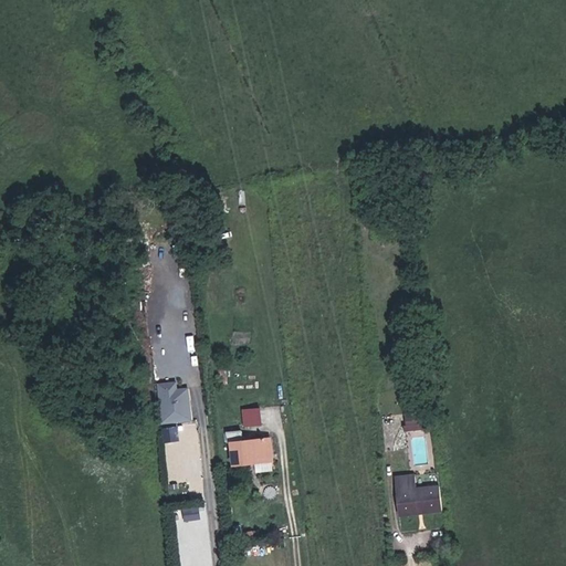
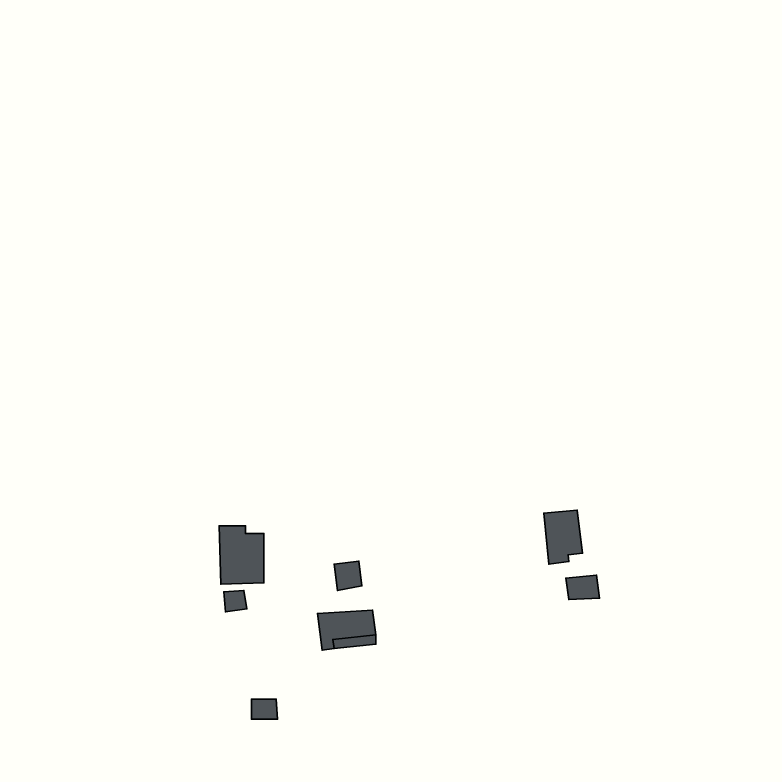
building: none -> [544,510,582,564]
building: [394,483,439,510] -> none

